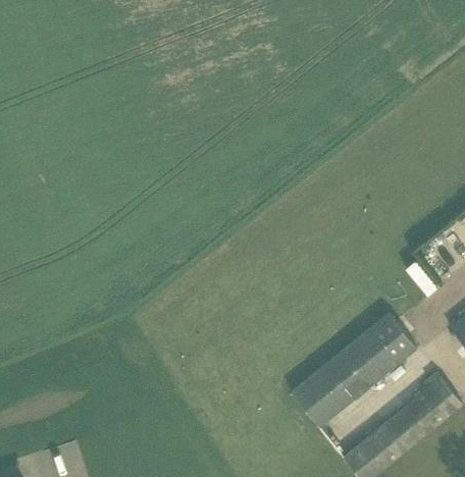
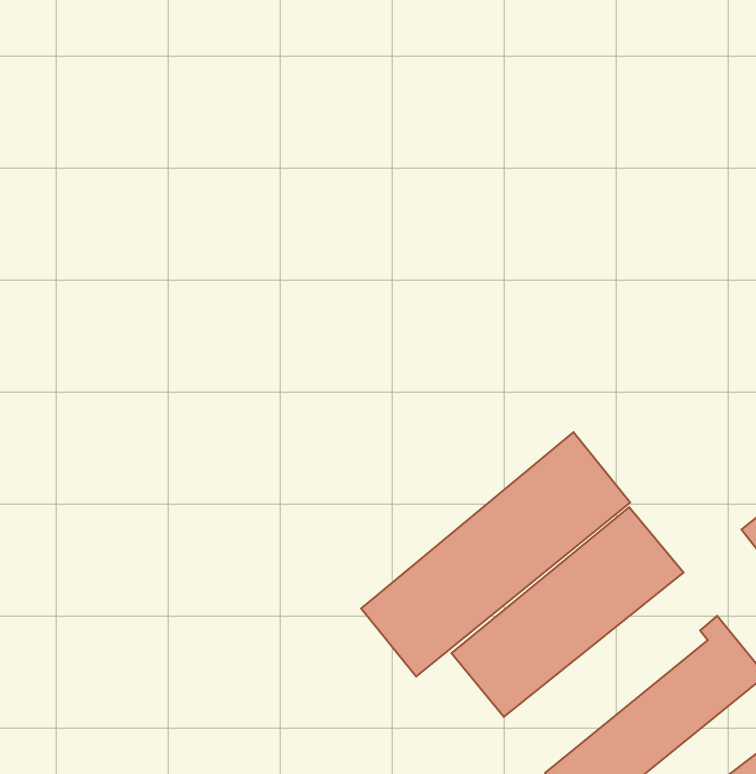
building: none -> [361,432,630,676]

